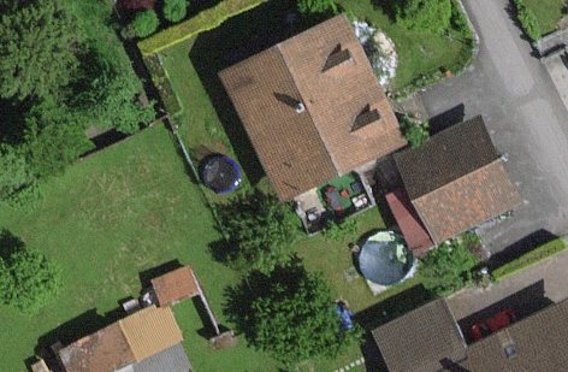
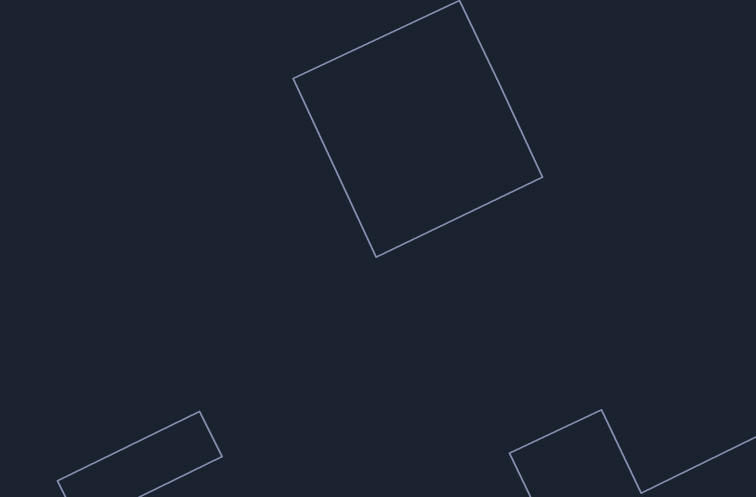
building: [403,125,513,235] -> none

